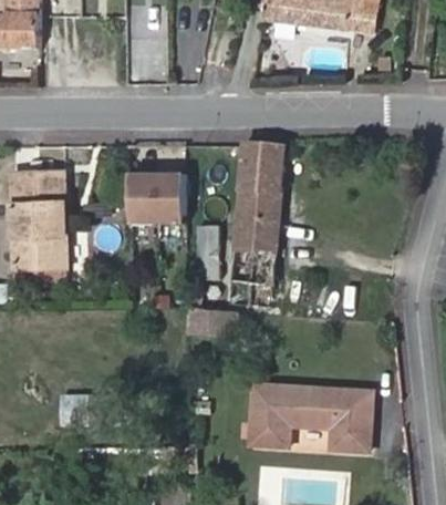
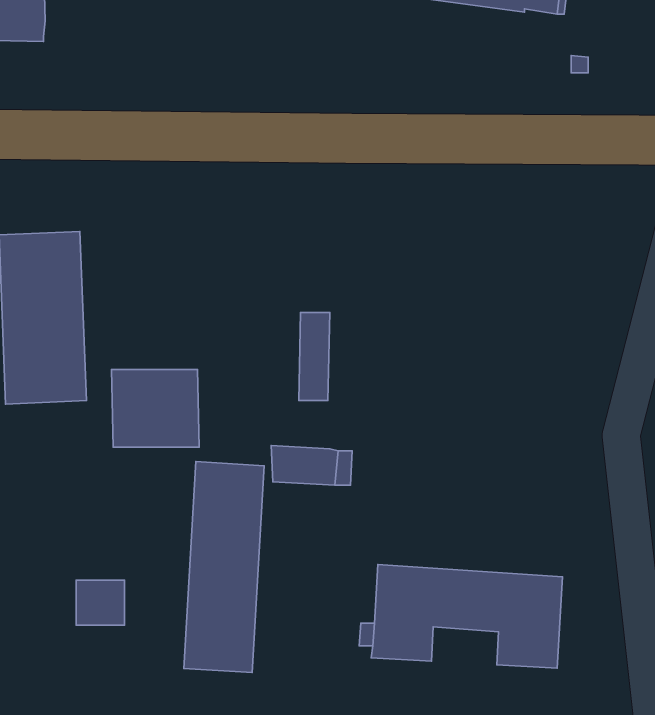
building: [228,138,286,307] -> none
building: [128,174,185,224] -> [111,369,199,447]
building: none -> [184,462,264,673]

